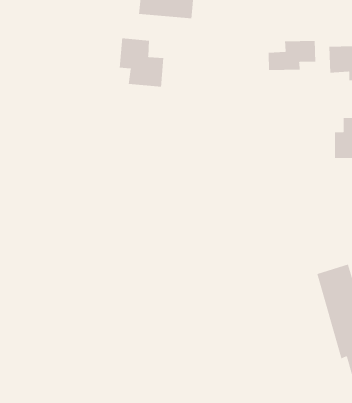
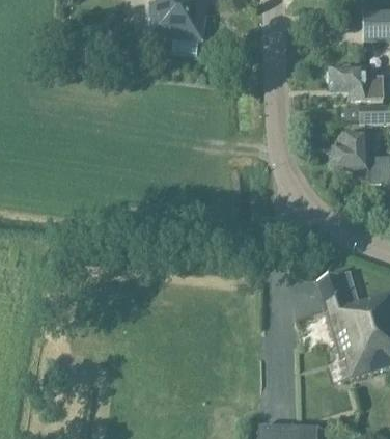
building: [119,37,164,88] -> none
building: [268,40,316,71] -> none

